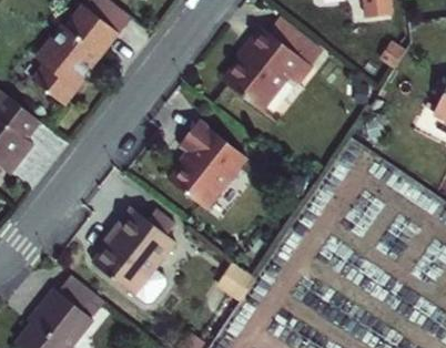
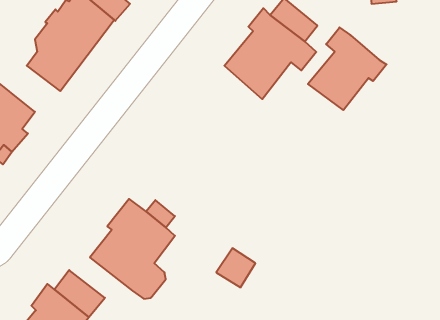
building: none -> [308,27,387,110]
building: [168,121,244,211] -> none

